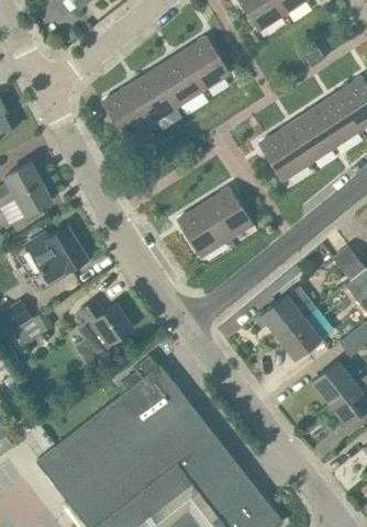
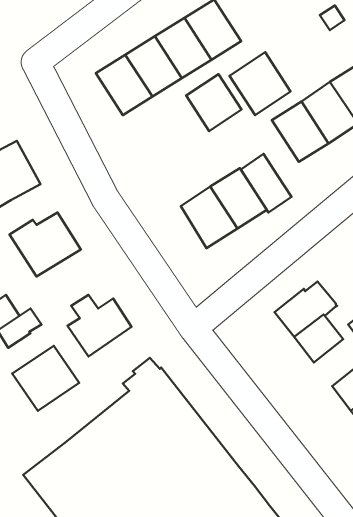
building: none -> [230,52,291,115]
building: none -> [186,74,241,131]
building: none -> [241,154,291,212]
building: none -> [12,346,79,411]

